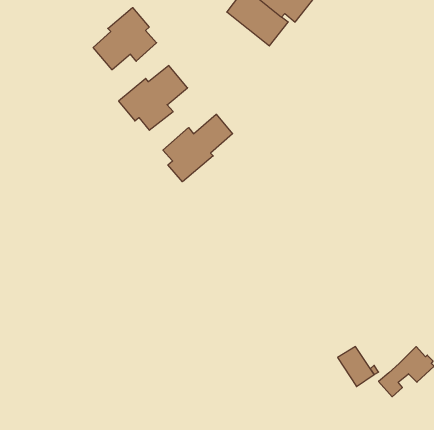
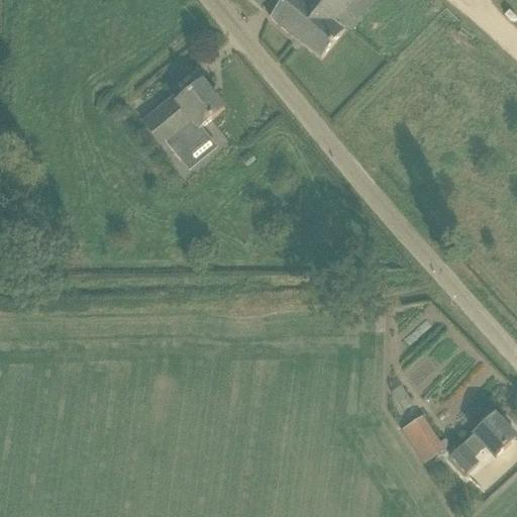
building: [93,8,157,70] -> none
building: [163,114,233,182] -> none

